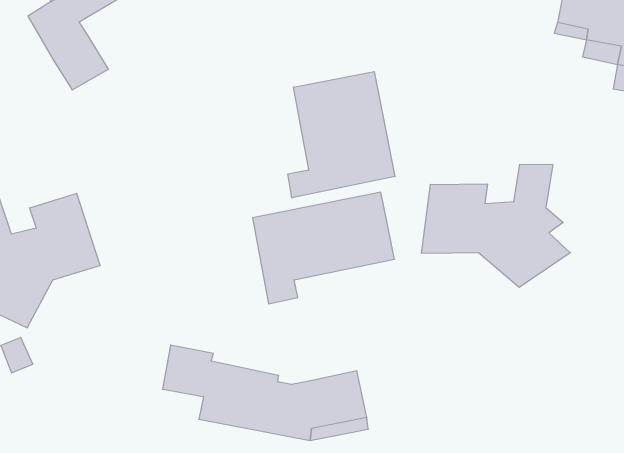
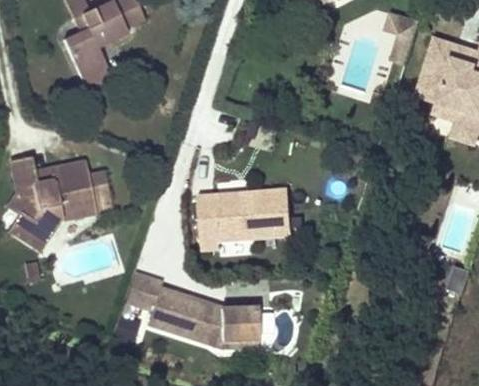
building: [288,72,395,198] -> none
building: [422,164,570,287] -> none

